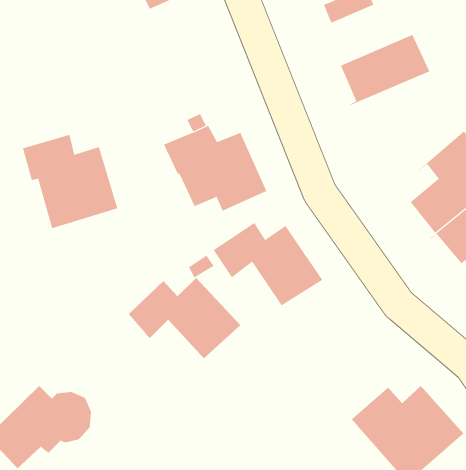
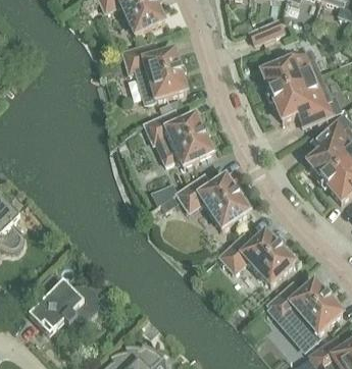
building: none -> [266,74,339,124]
building: [22,134,118,229] -> [122,41,186,103]
building: [128,277,241,359] -> [219,230,294,284]

